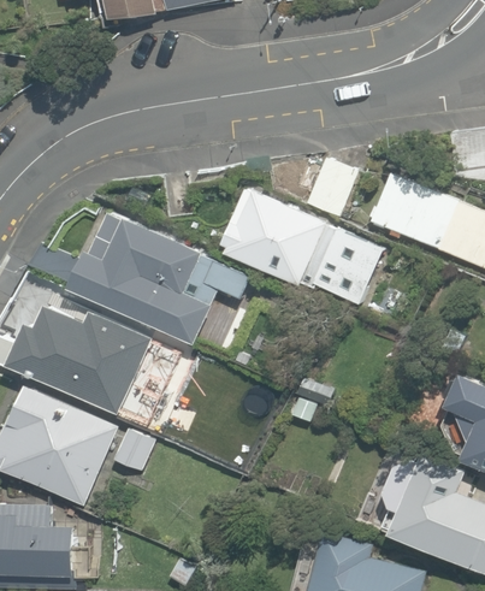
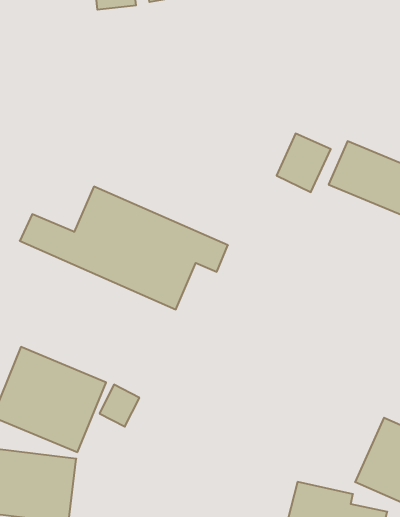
building: [218,187,374,309] -> none
building: [7,300,147,412] -> none

